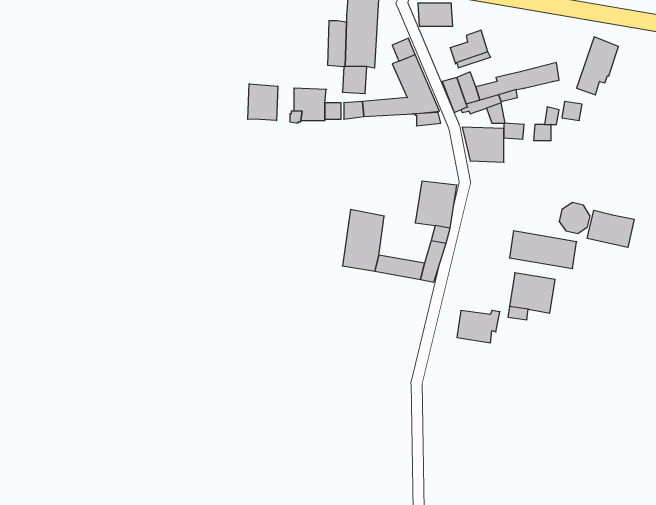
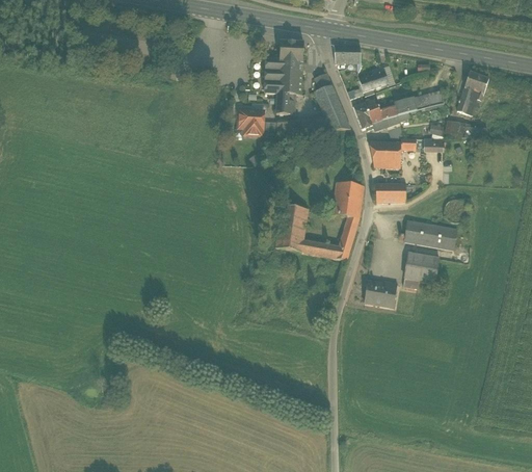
building: [248,84,278,121] -> none
building: none -> [375,183,406,204]
building: [587,210,634,247] -> none

